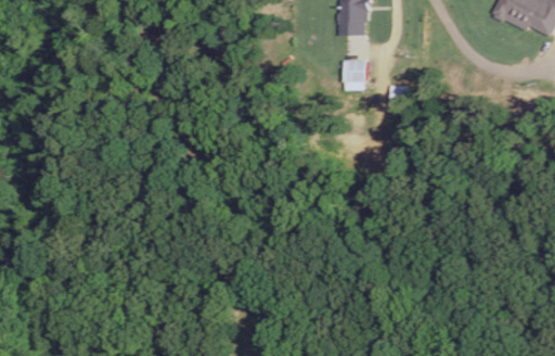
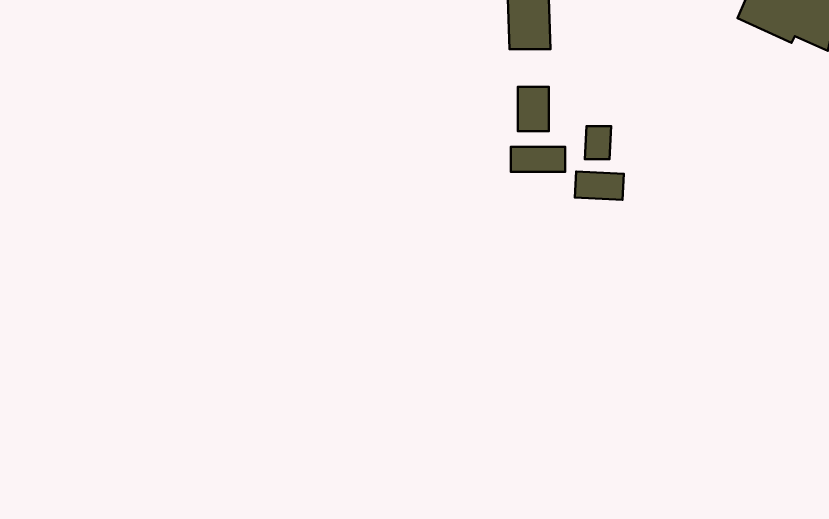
building: none -> [511,147,565,172]
building: none -> [575,171,624,200]

